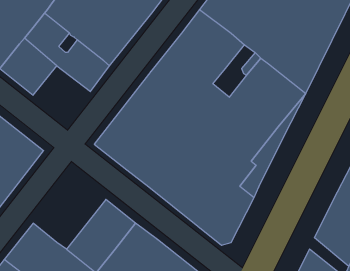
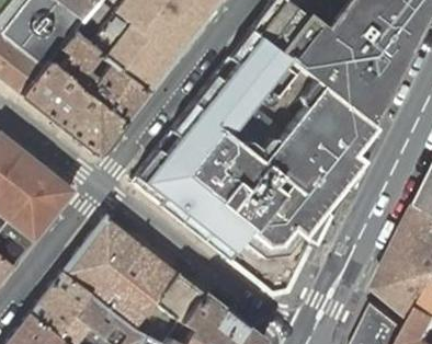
building: none -> [59,91,125,153]
building: none -> [59,214,143,301]

